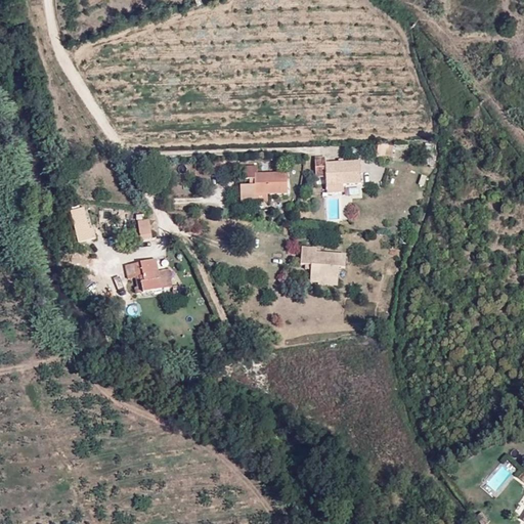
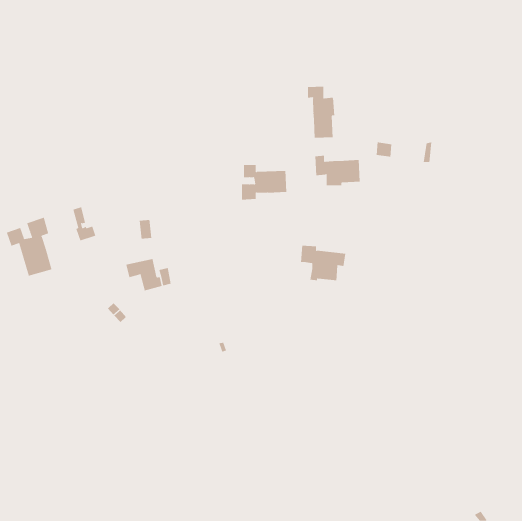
building: none -> [307,86,335,139]
building: none -> [6,217,52,276]

